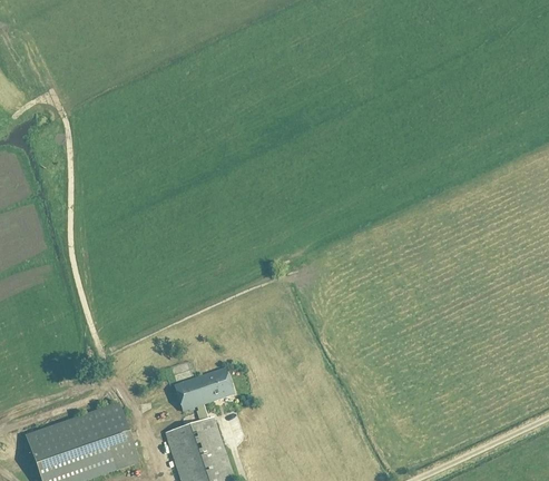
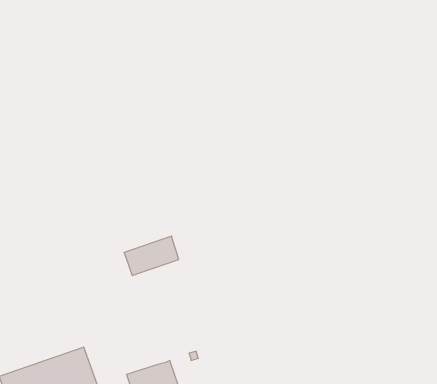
building: [173,366,233,410] -> [124,236,179,276]

